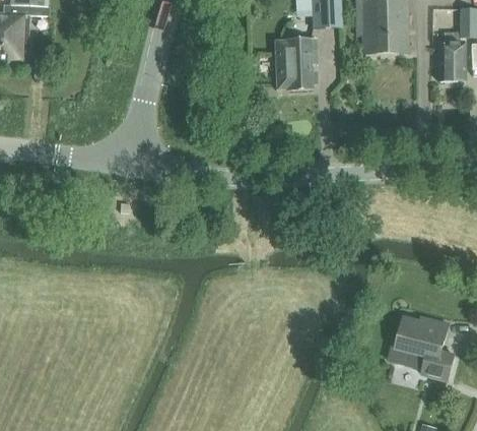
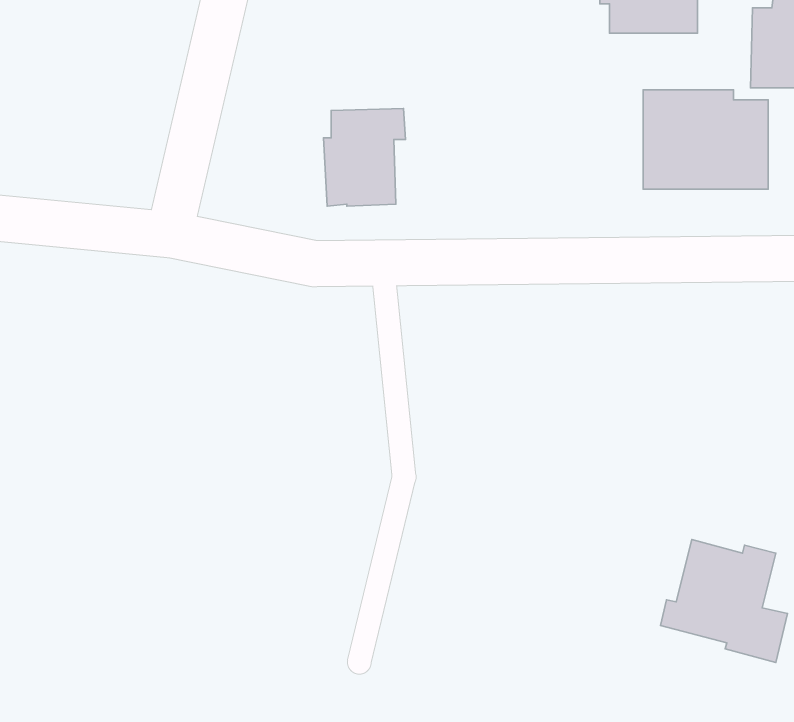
building: [274,39,317,89] -> [323,108,406,206]
building: none -> [643,90,768,189]

